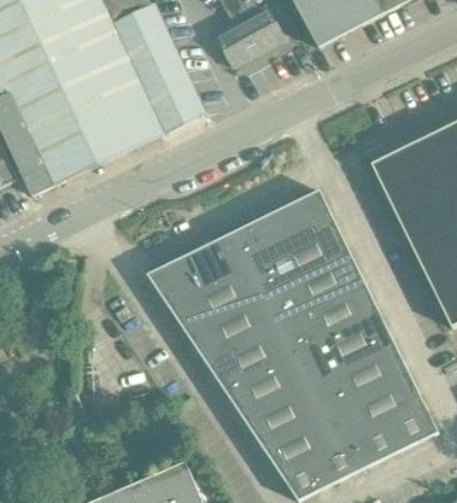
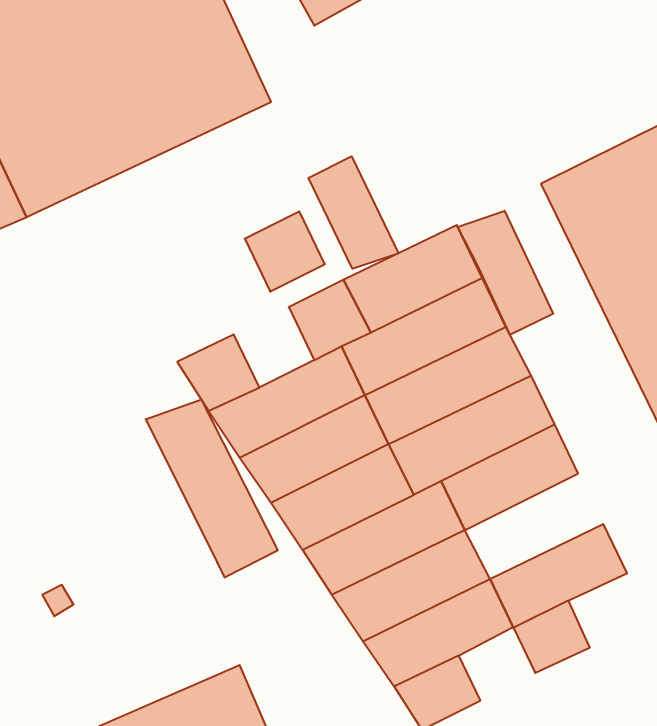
building: none -> [309,156,398,269]
building: none -> [458,211,553,335]
building: [182,240,232,289] -> [245,211,325,292]
building: none -> [146,399,278,578]
building: [324,343,410,408] -> none
building: [388,404,438,450] -> none
building: [321,438,368,482] -> none

